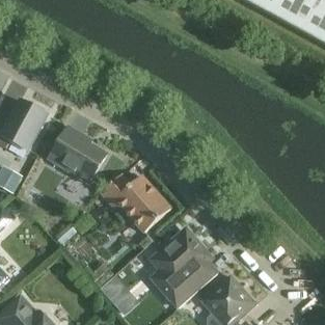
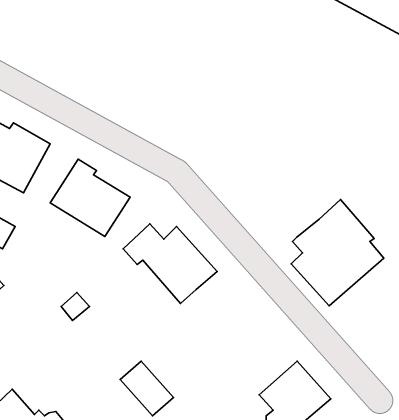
building: [148,228,217,307] -> [291,199,384,306]

